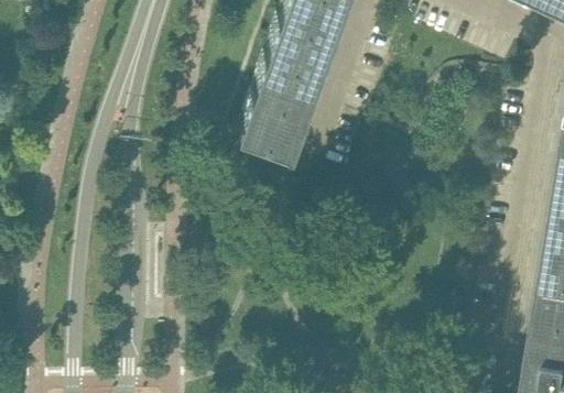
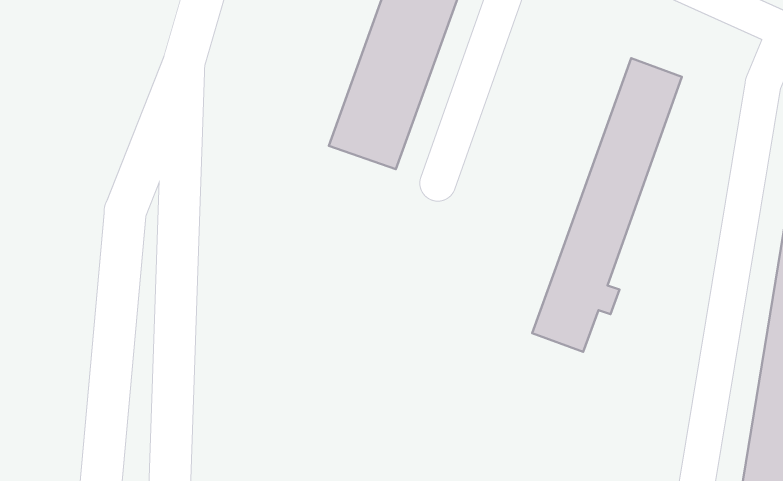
building: none -> [532,58,682,352]

